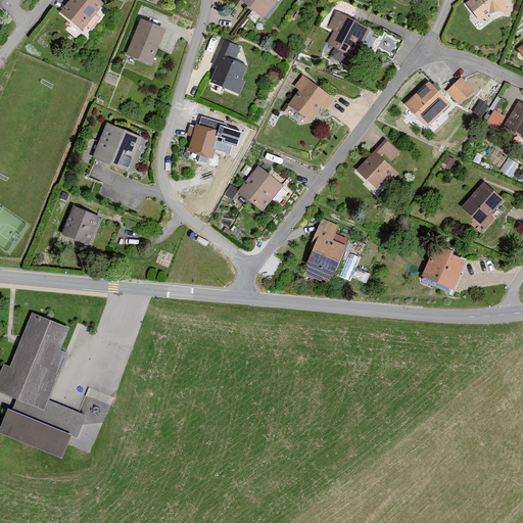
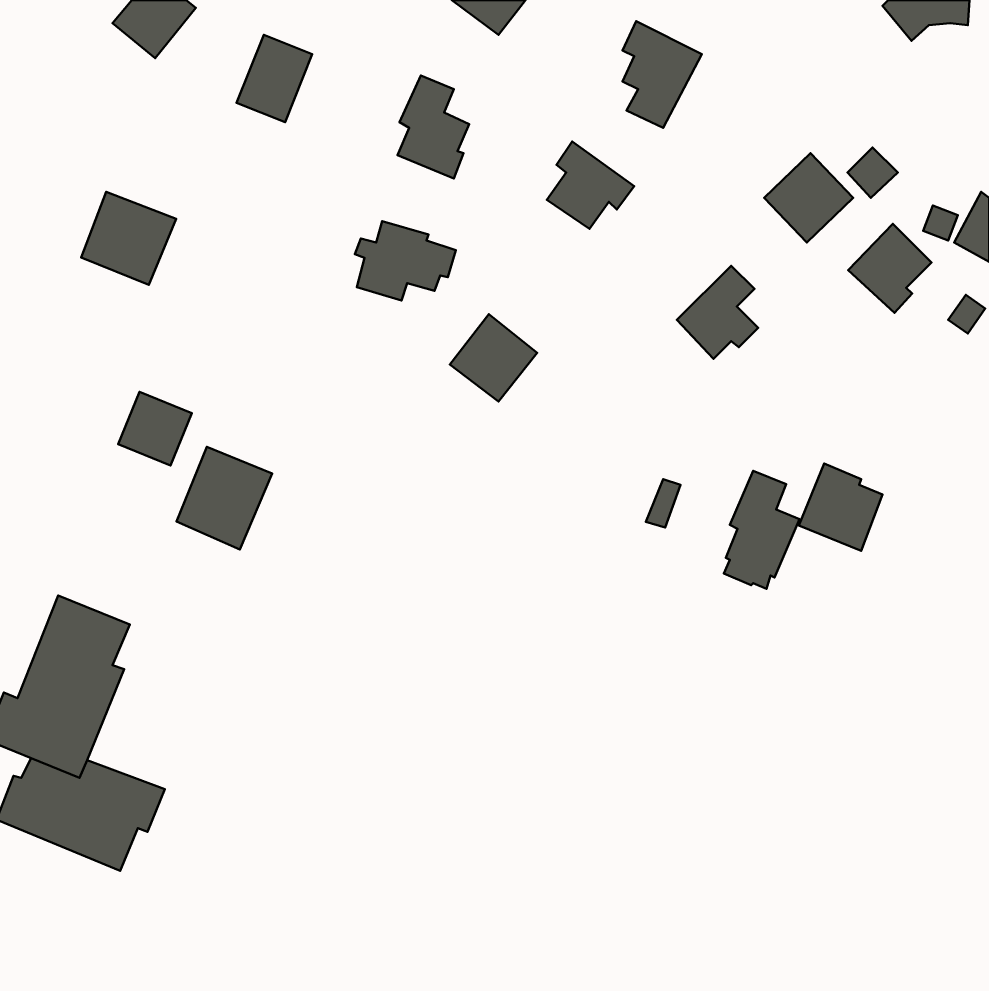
building: [93,124,143,173] -> [81,192,176,285]
building: [461,182,505,229] -> [848,224,932,313]
building: [305,220,345,282] -> [724,471,800,589]
building: none -> [176,447,272,549]

